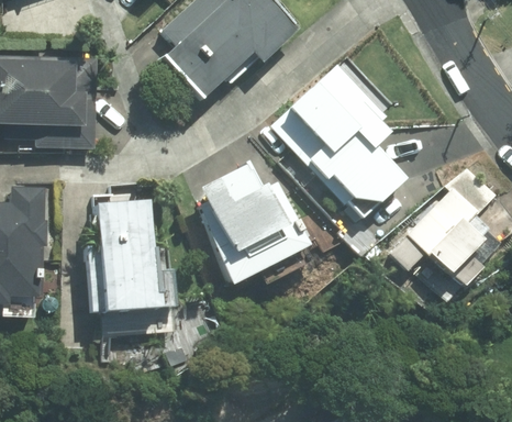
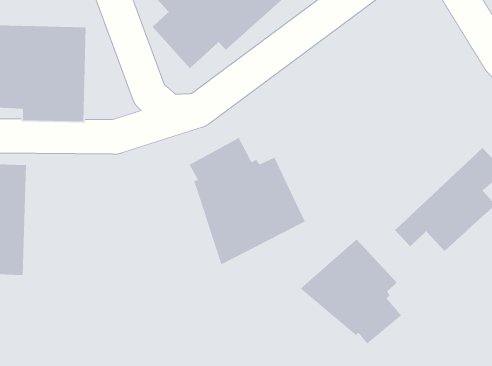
building: [275,65,402,219] -> none
building: [84,204,171,314] -> none
building: none -> [299,239,402,345]

